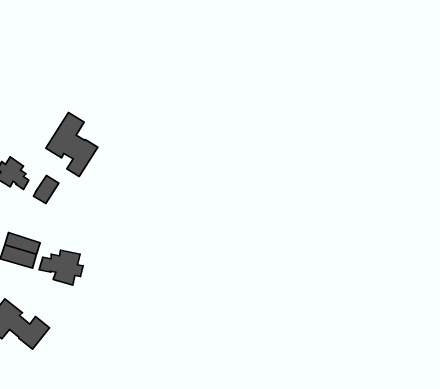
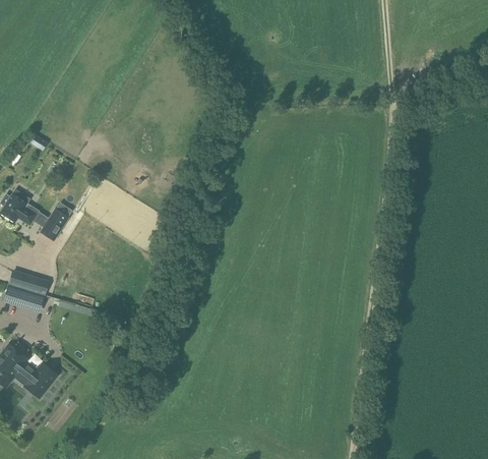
building: [46,112,98,177] -> none
building: [39,250,83,285] -> none

